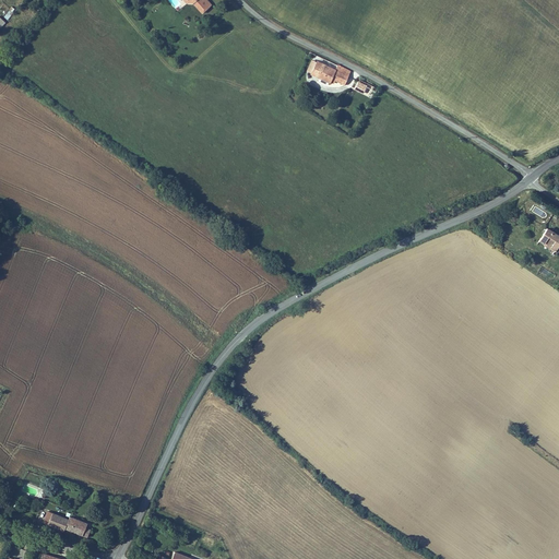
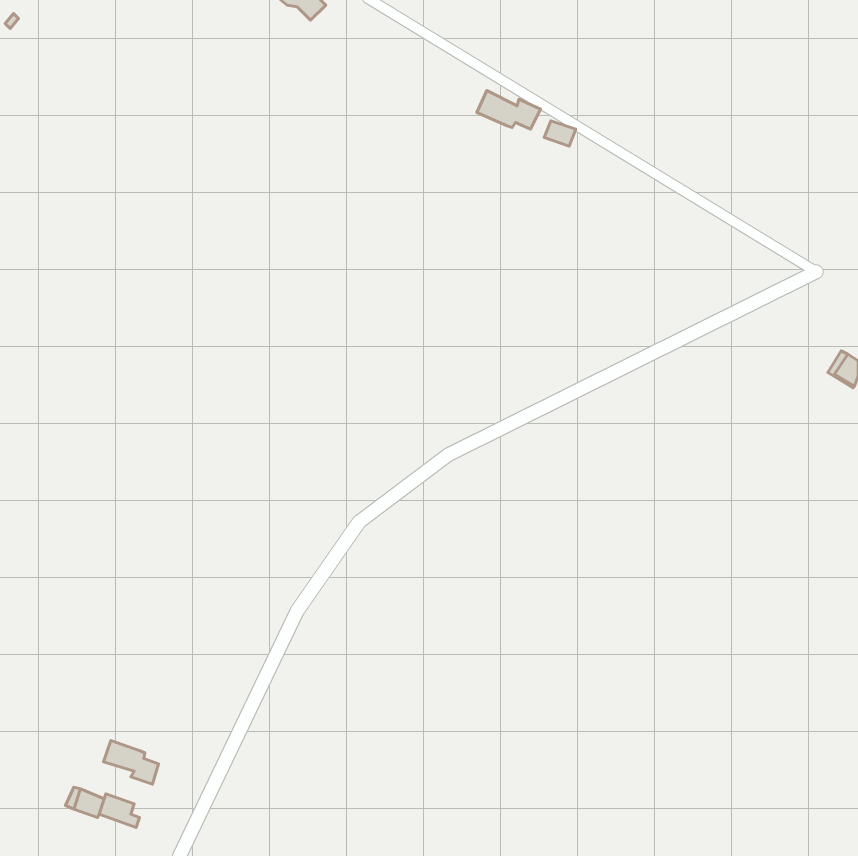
building: none -> [103,740,159,784]

